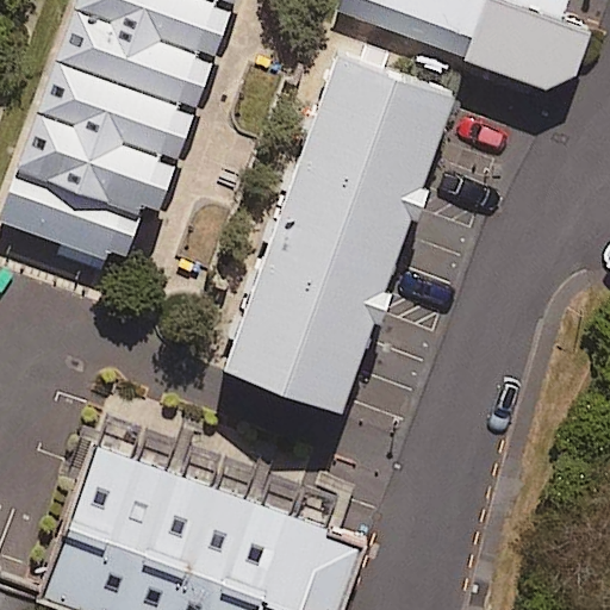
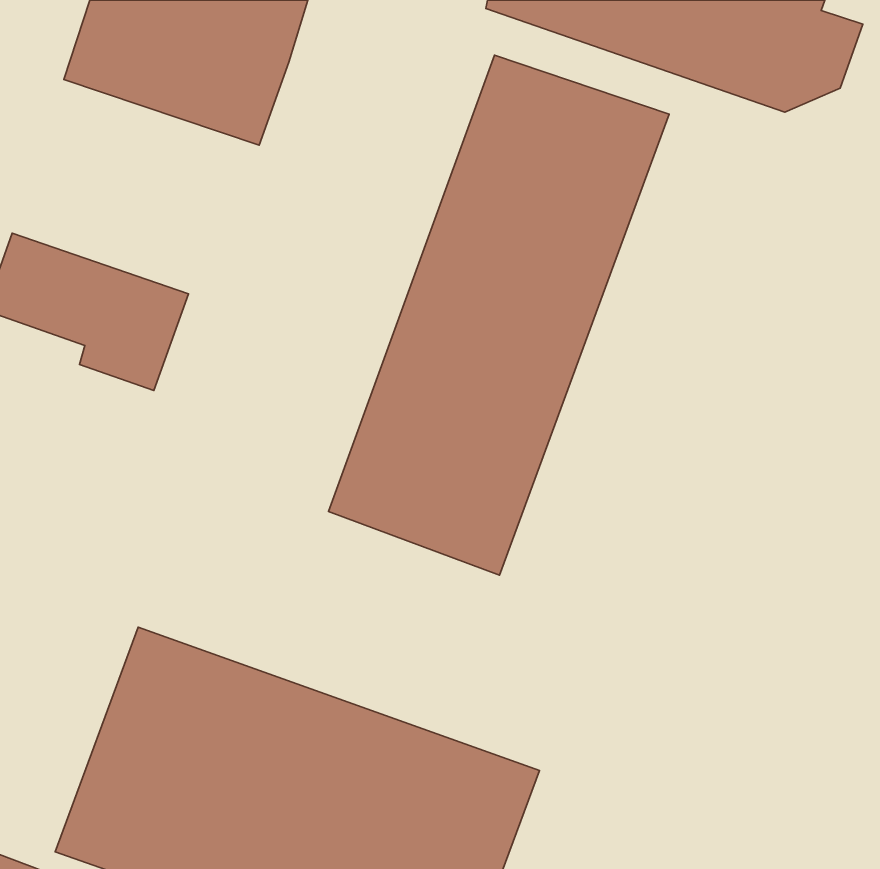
building: [8,64,179,212] -> none

